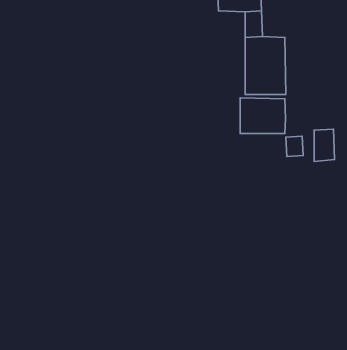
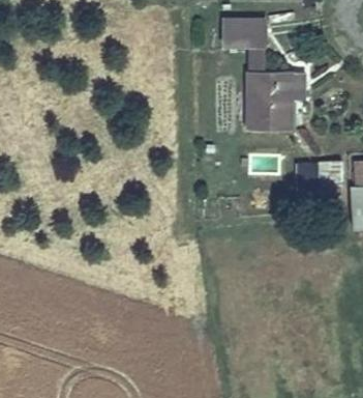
building: [240,98,286,134] -> none

